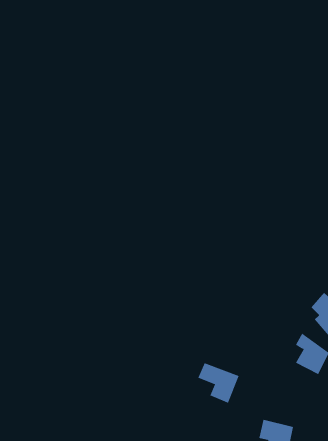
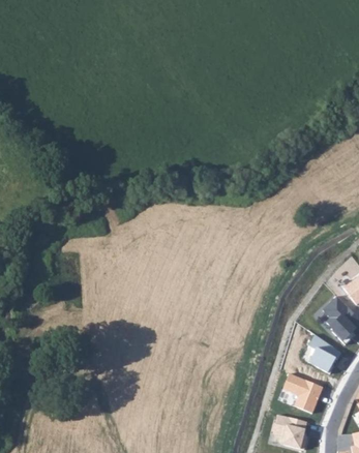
building: [197,362,240,403] -> [282,374,322,413]

